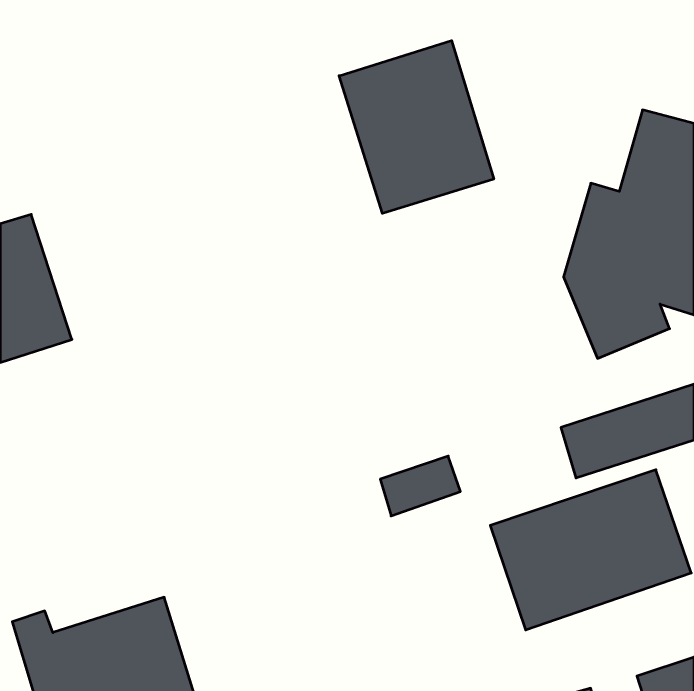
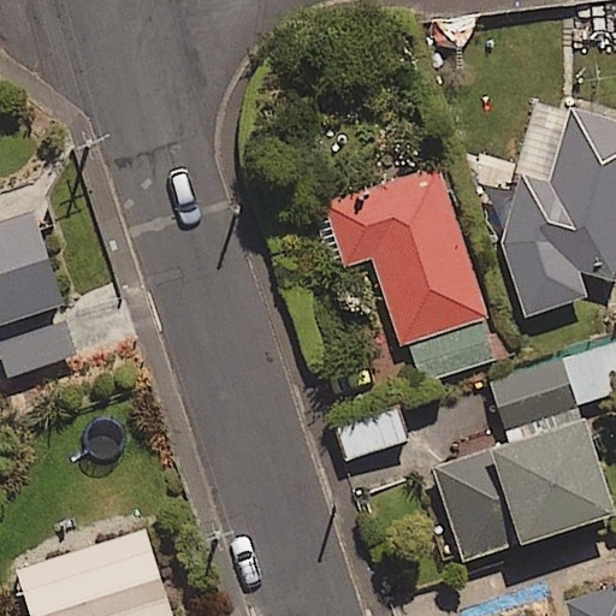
building: [339,41,494,213] -> none
building: none -> [325,168,498,381]

